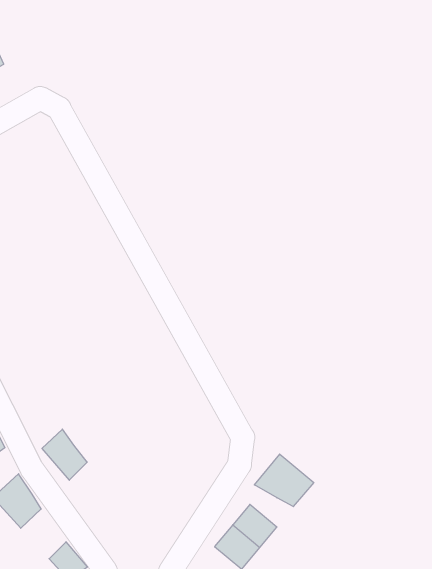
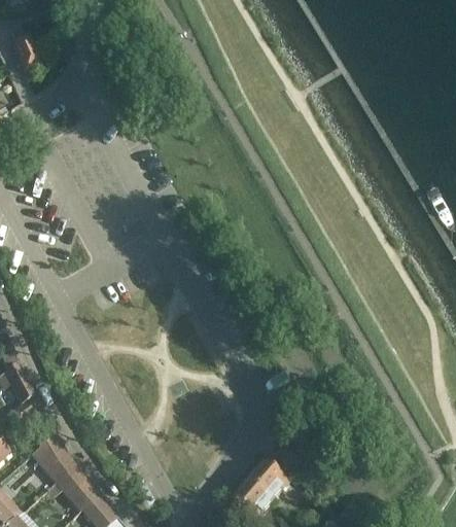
building: [42,429,87,480] -> [55,465,96,512]
building: [254,454,314,507] -> none

